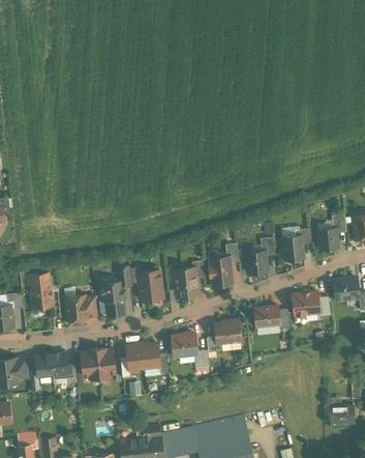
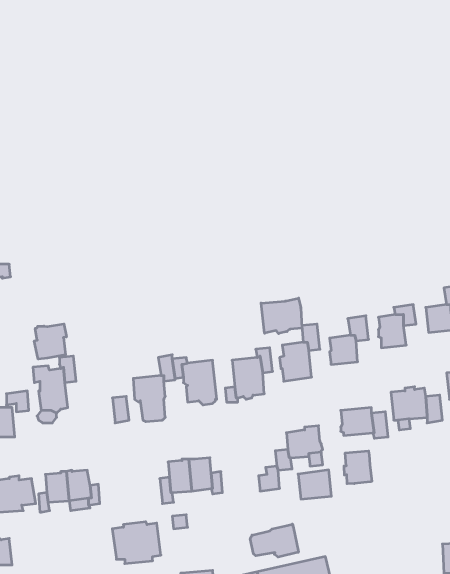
building: none -> [261,298,302,334]
building: none -> [34,324,66,359]
building: [65,295,87,320] -> none
building: [172,333,196,354] -> [298,470,331,499]
building: none -> [344,451,372,484]
building: [80,347,116,378] -> [112,522,161,564]
building: none -> [250,524,298,557]

